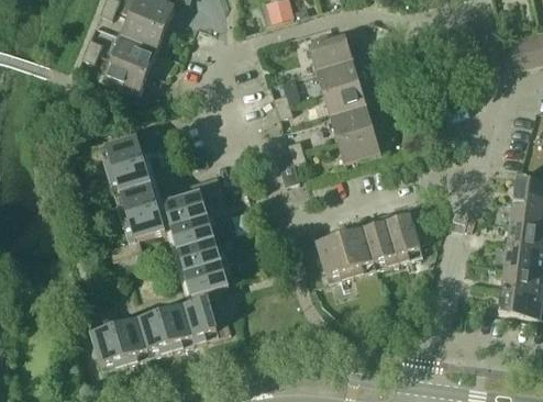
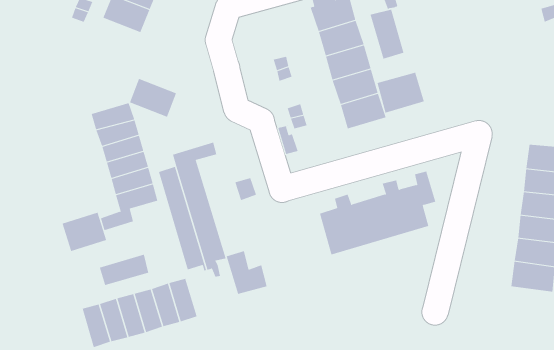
building: none -> [370,9,404,59]
building: [102,56,147,93] -> [129,78,177,117]
building: none -> [377,72,425,113]
building: none -> [62,212,107,252]
building: none -> [99,254,149,286]
building: [190,298,230,339] -> [226,251,268,294]

